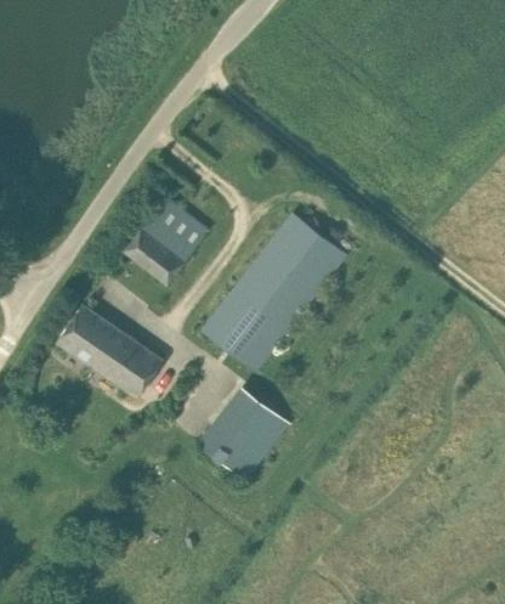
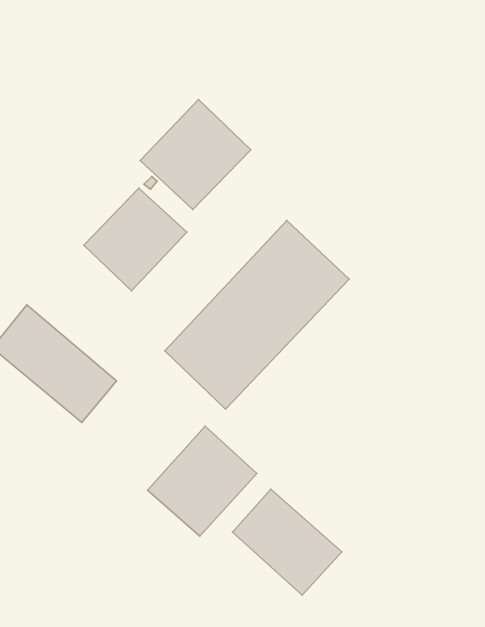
building: none -> [140,99,251,209]
building: none -> [233,489,342,595]

